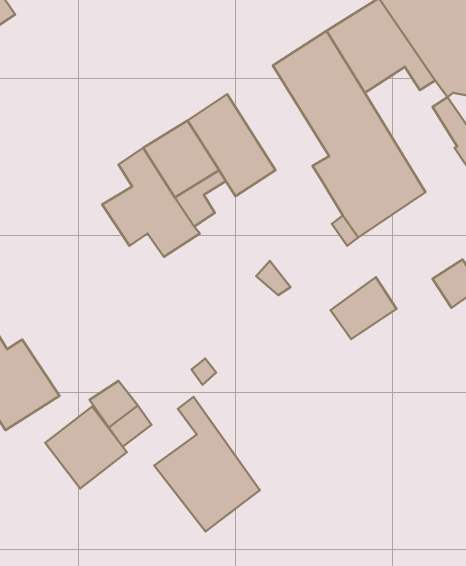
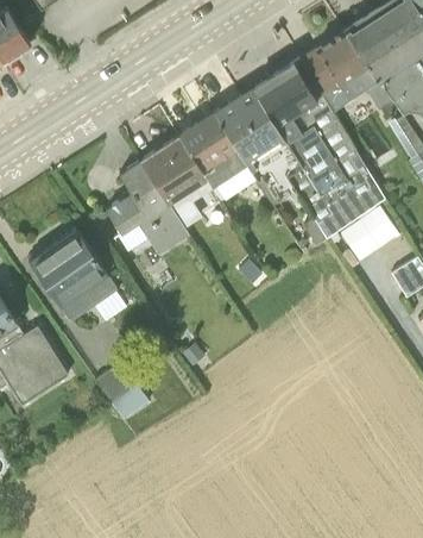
building: none -> [214,88,302,204]
building: none -> [29,225,126,320]
building: [330,277,397,339] -> [342,204,399,257]
building: [154,397,260,532] -> none
building: [45,407,127,489] -> none

